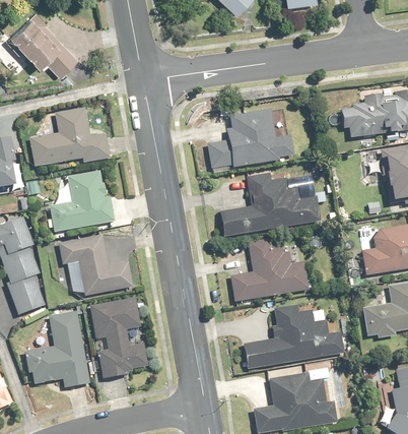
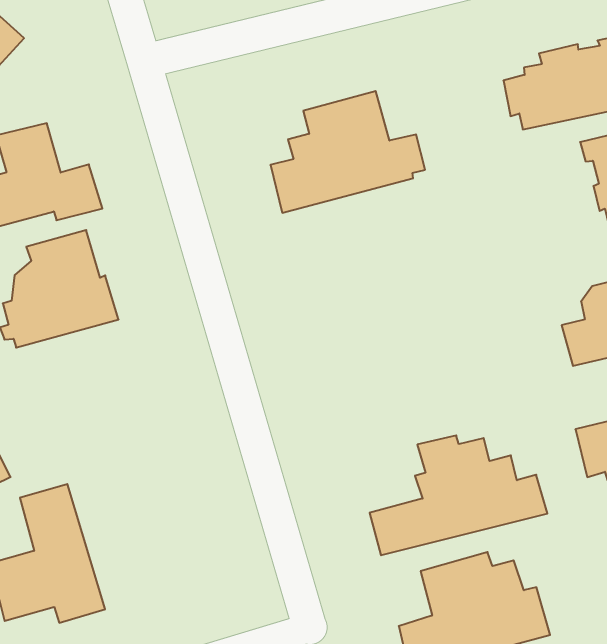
building: [220,172,320,237] -> none
building: [58,234,133,298] -> none
building: [231,239,308,301] -> none
building: [91,299,147,378] -> none

